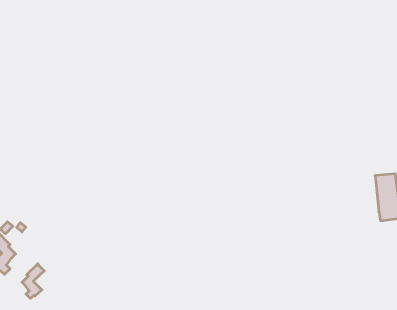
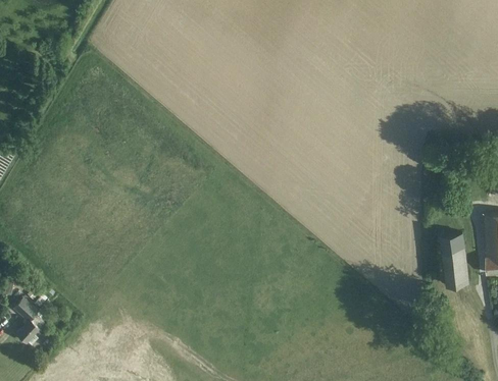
building: [22,264,44,298] -> none

